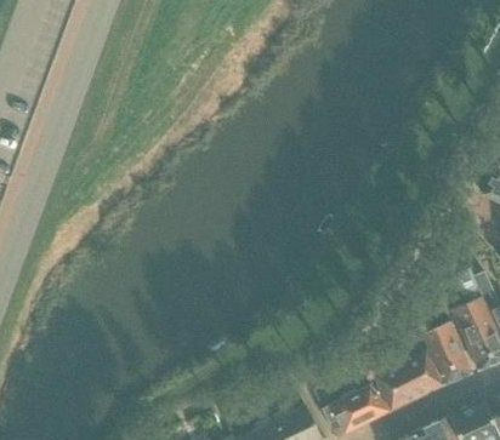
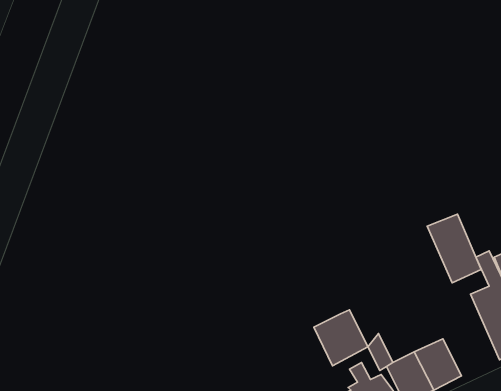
building: [422,324,472,387] -> [427,214,481,283]
building: none -> [314,310,368,366]

